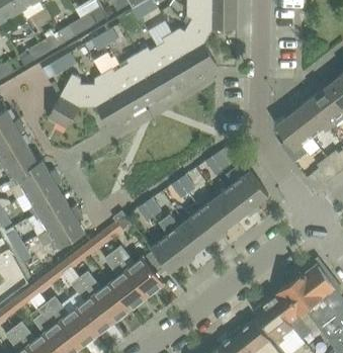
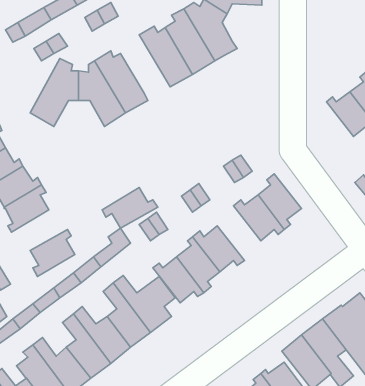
building: [121,54,162,107] -> none
building: [275,108,312,162] -> none
building: [200,193,236,238] -> none
building: [32,196,78,230] -> [102,187,158,228]

